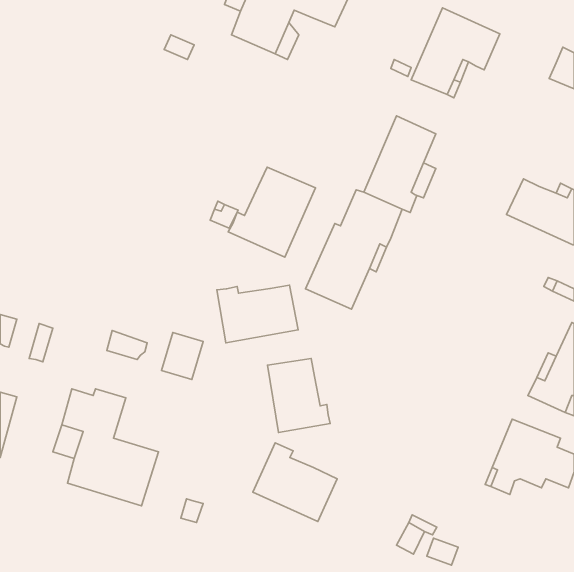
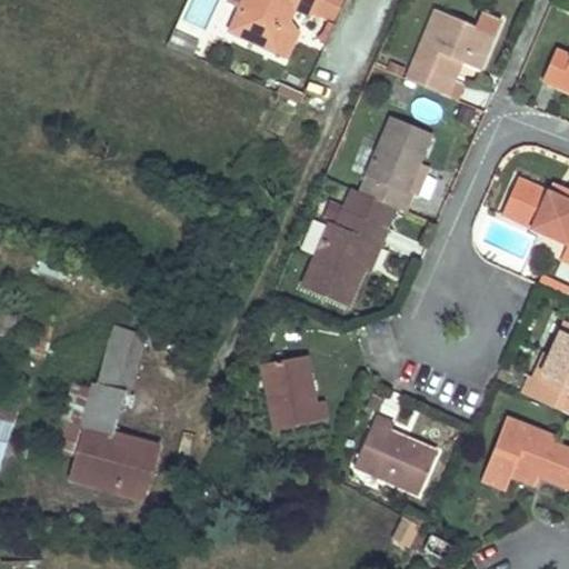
building: [228,167,315,257] -> none
building: [217,285,298,343] -> none
building: [162,332,203,380] -> [94,347,136,393]
building: [253,443,337,521] -> [355,416,438,493]

